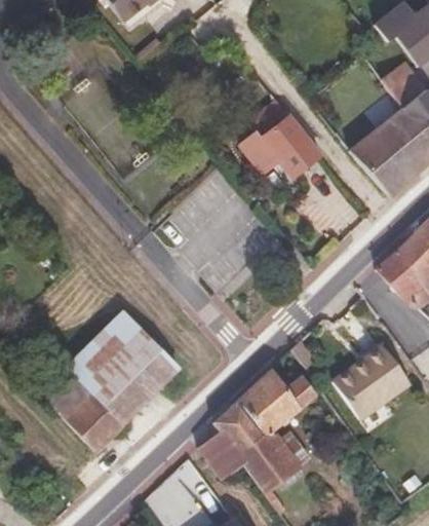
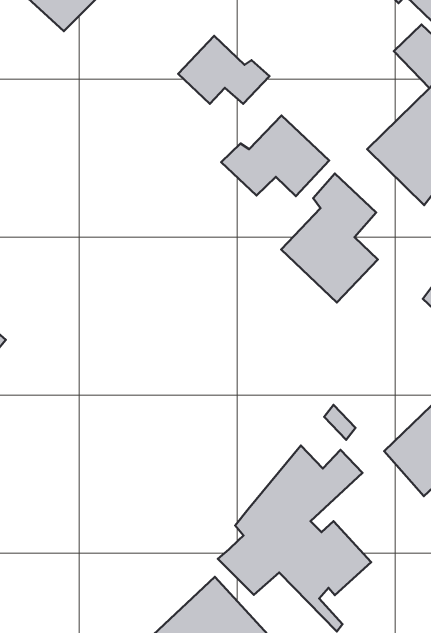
building: none -> [178,36,270,104]
building: none -> [281,173,378,302]
building: [48,312,179,450] -> none

